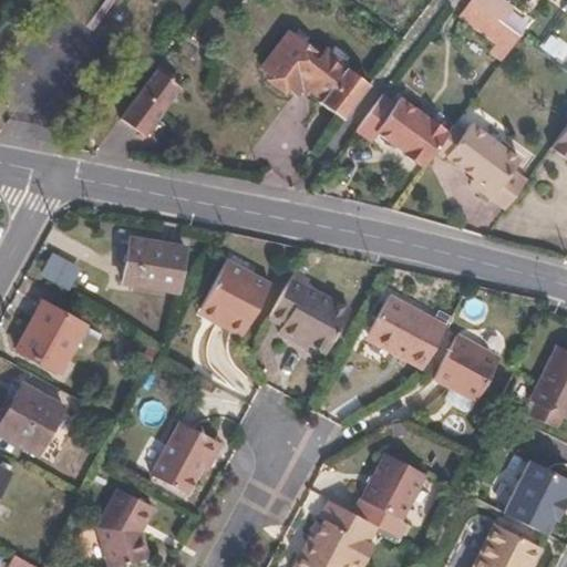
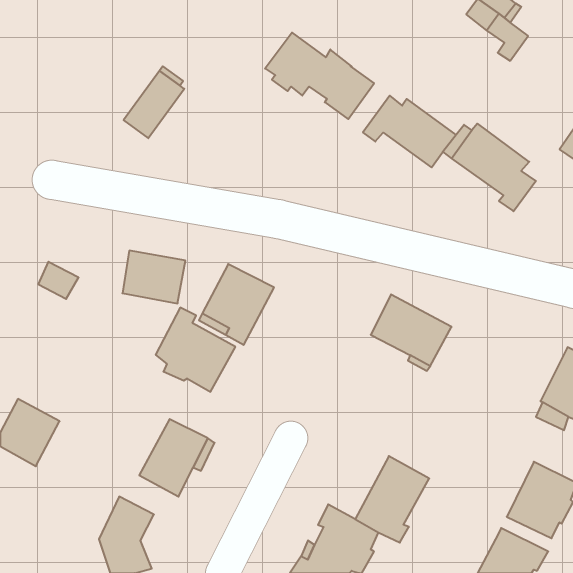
building: [271,270,350,353] -> [156,308,235,392]
building: [16,310,84,380] -> none
building: [433,331,498,406] -> none

